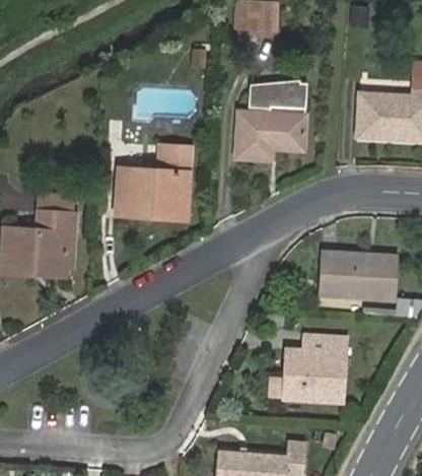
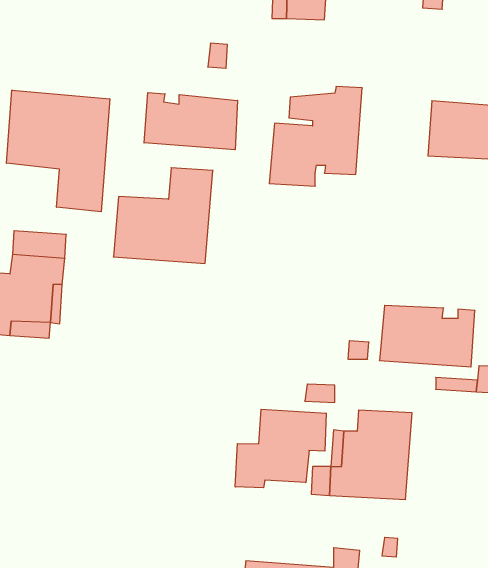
building: none -> [7,90,110,212]
building: none -> [144,93,237,150]
building: none -> [235,409,326,488]

